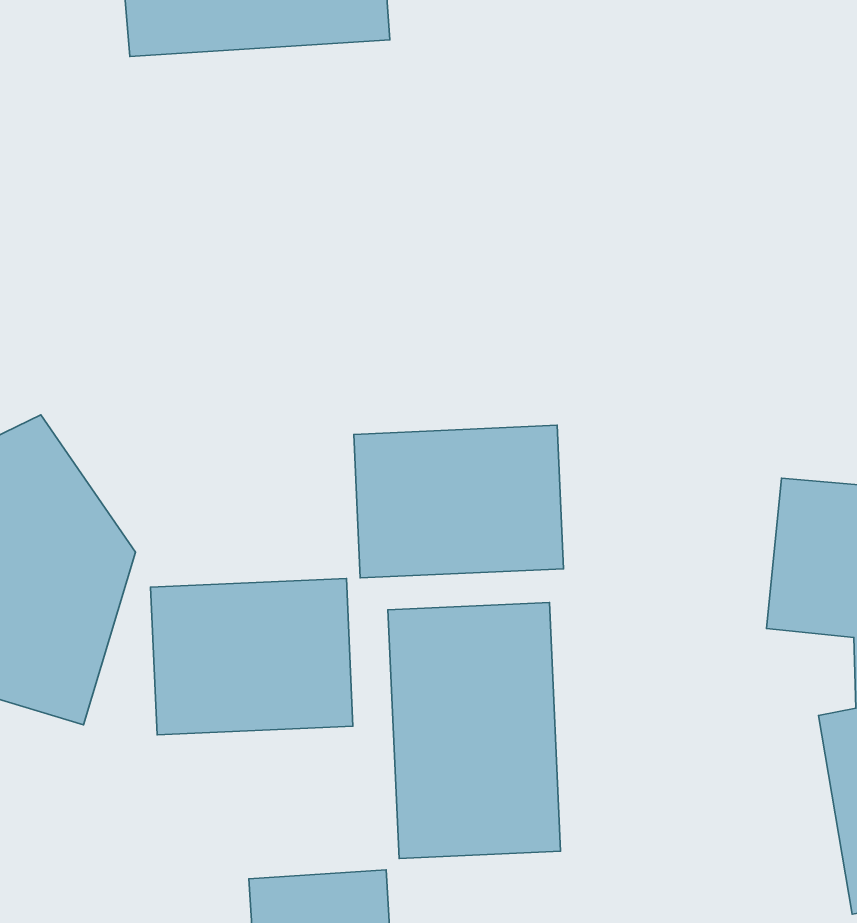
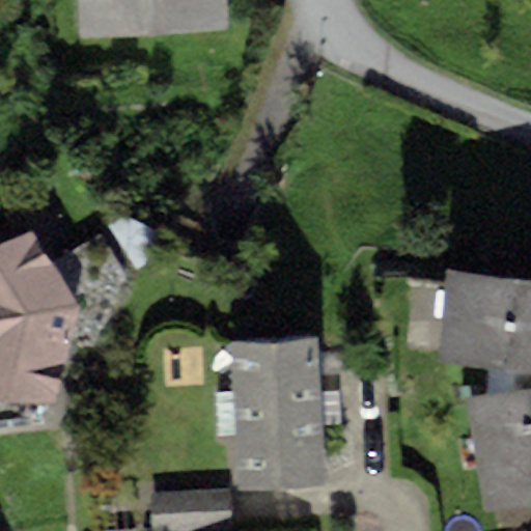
building: [354,425,563,578] -> none
building: [151,578,353,735] -> none

